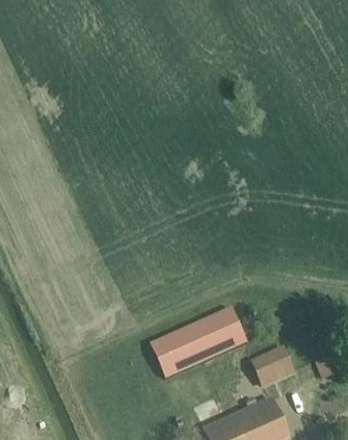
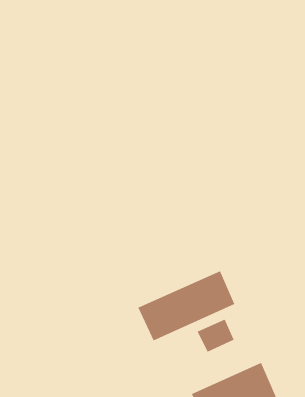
building: [257,348,294,382] -> [197,319,235,353]

